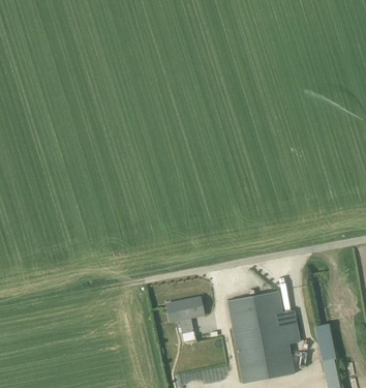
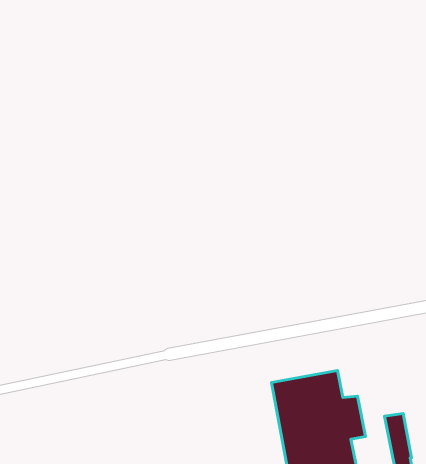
building: [166,296,204,340] -> none

